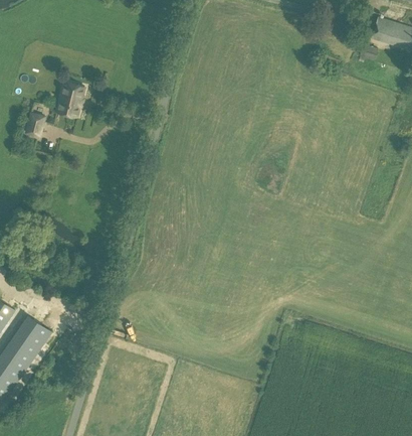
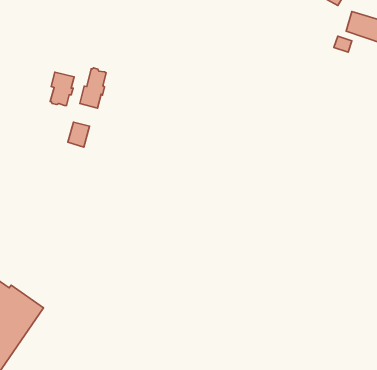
building: none -> [80,68,106,108]
building: [24,111,47,137] -> [68,122,90,147]

